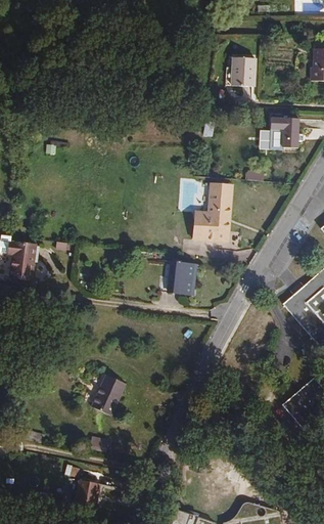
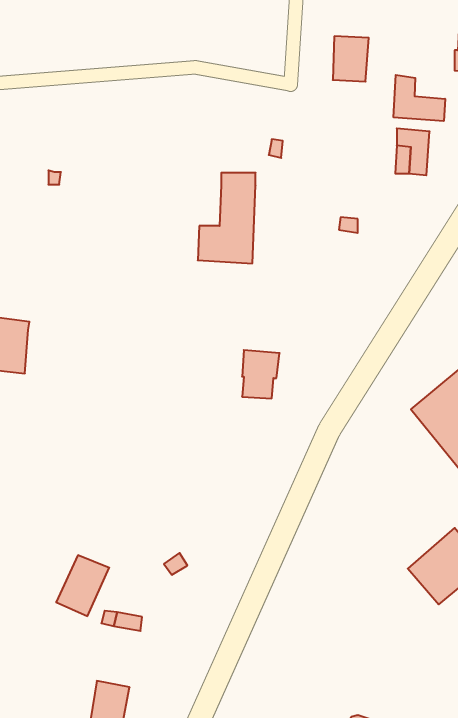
building: none -> [394,75,445,121]
building: [194,179,232,238] -> [198,173,256,263]
building: [92,375,127,414] -> [56,555,109,616]

